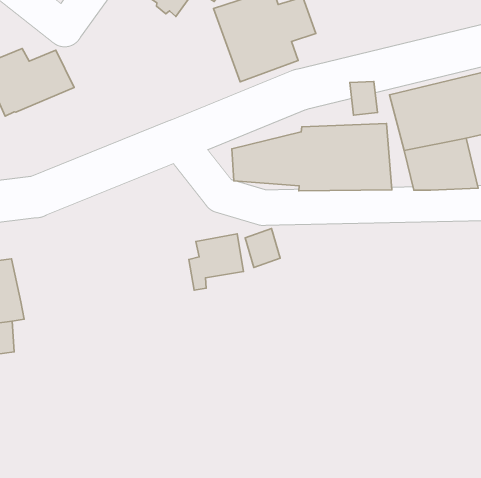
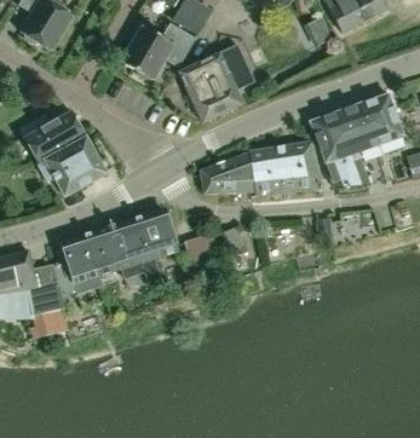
building: none -> [45,137,107,194]
building: none -> [52,207,176,294]

